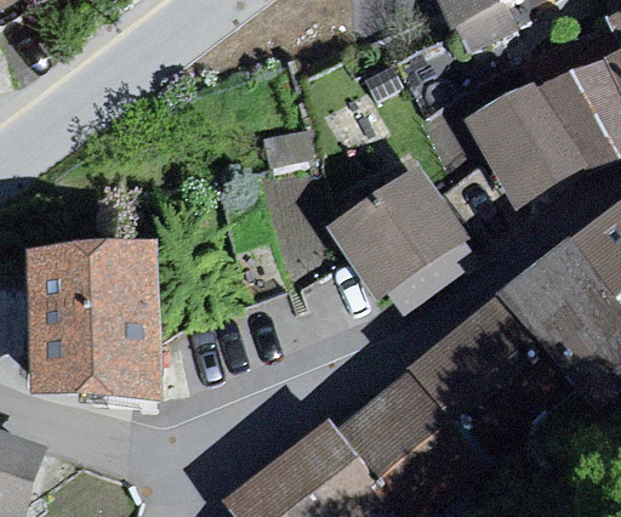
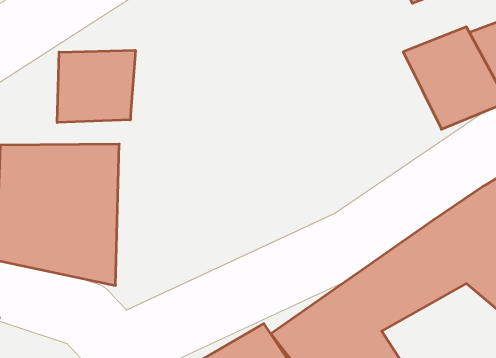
building: none -> [57,50,135,123]
building: [331,167,482,301] -> none

